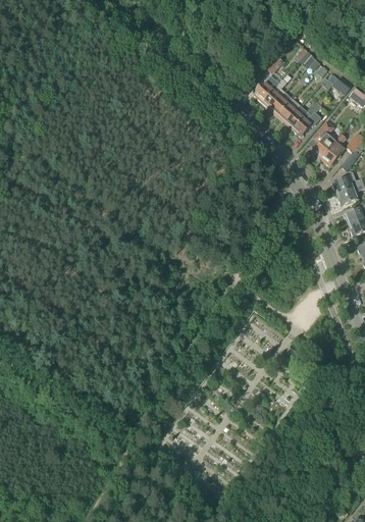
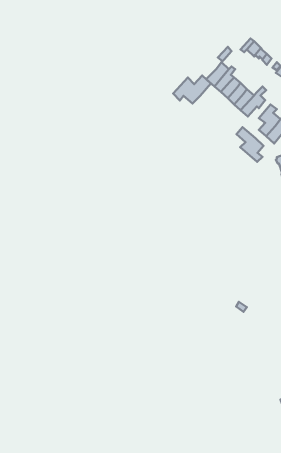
building: none -> [173,76,211,103]
building: none -> [237,127,263,162]

